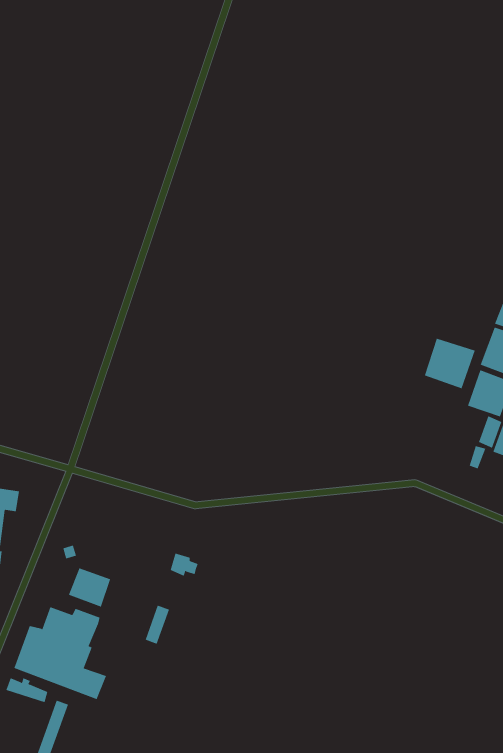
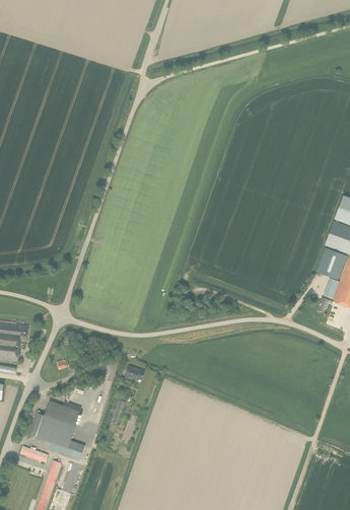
building: [424,338,475,389] -> none
building: [68,567,111,607] -> none

